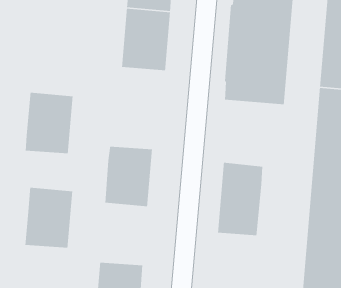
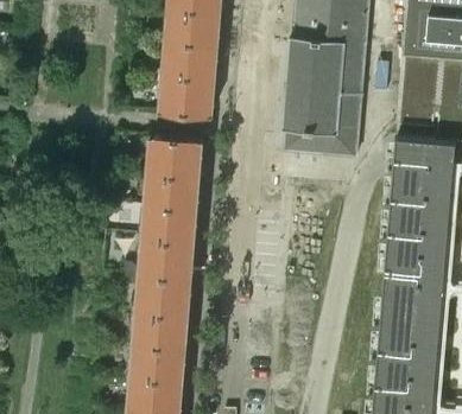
building: [25,92,73,154] -> [144,136,202,211]
building: [217,162,263,236] -> none
building: [25,187,73,248] -> [132,276,190,350]

